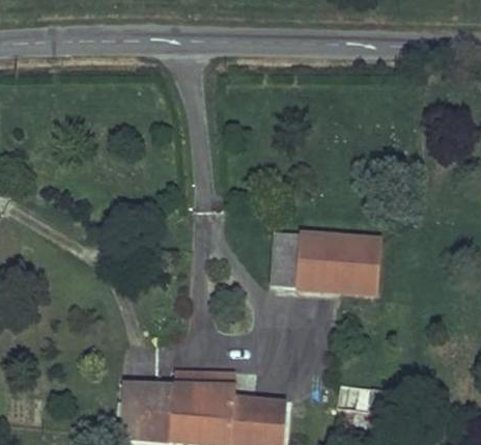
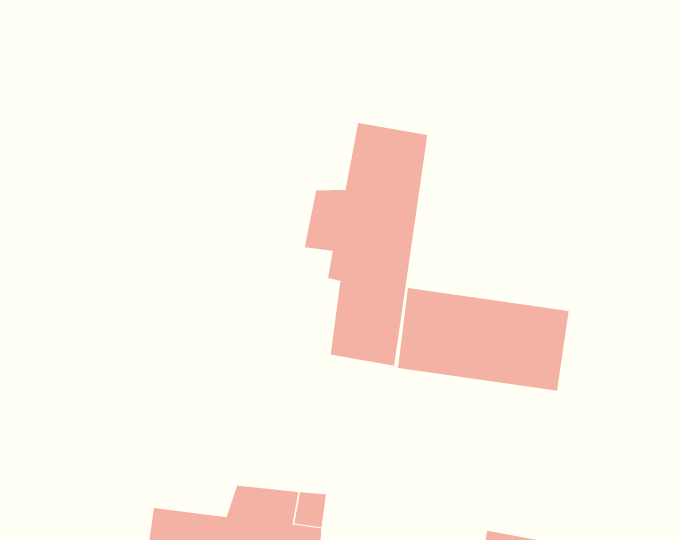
building: none -> [304,122,428,366]

